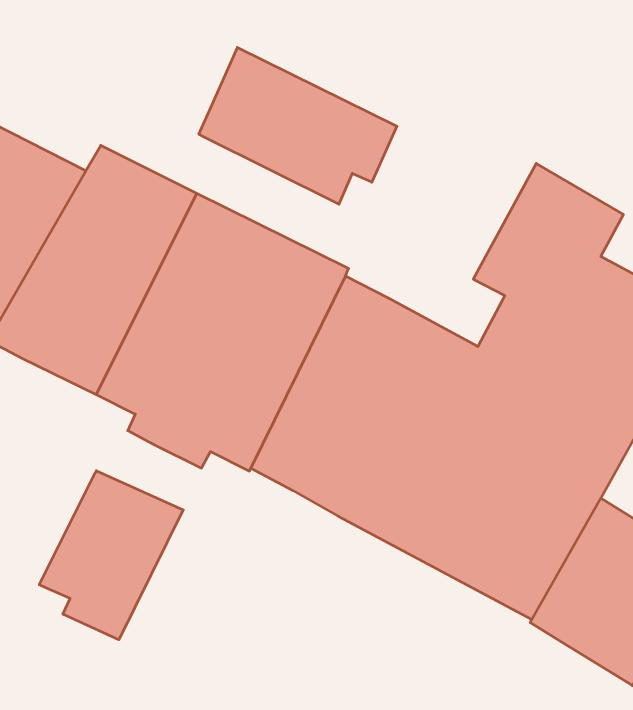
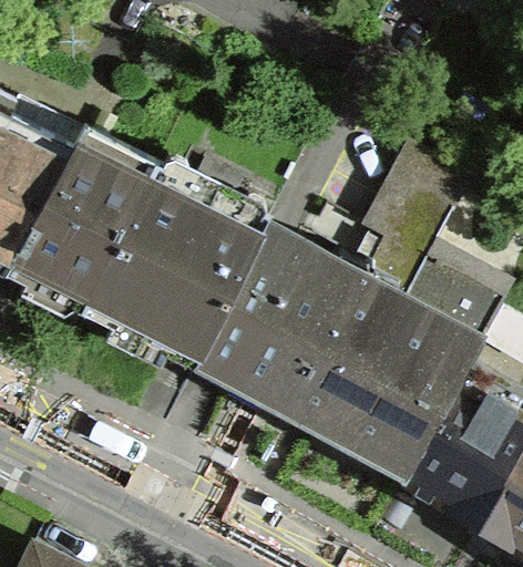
building: [199,47,397,204] -> none
building: [39,471,183,640] -> none

